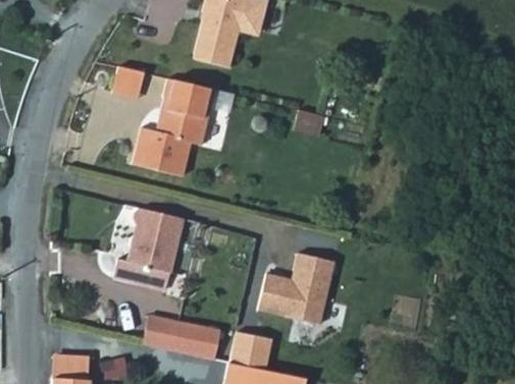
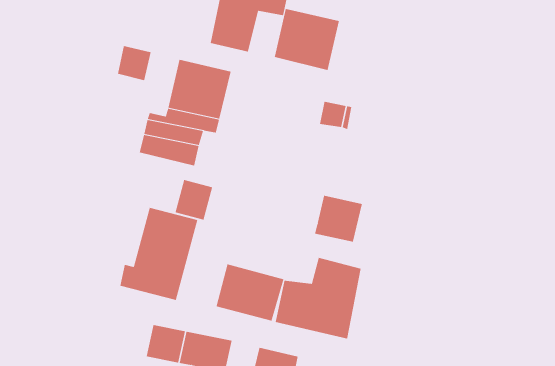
building: none -> [274,8,340,71]
building: none -> [175,179,213,221]
building: none -> [315,195,362,243]
building: none -> [216,264,284,322]

